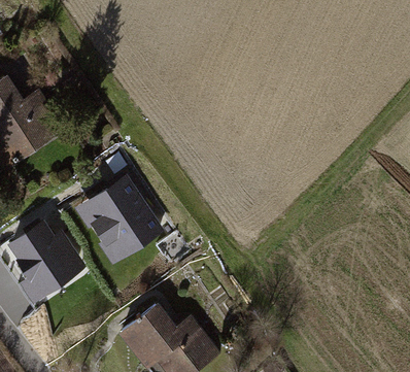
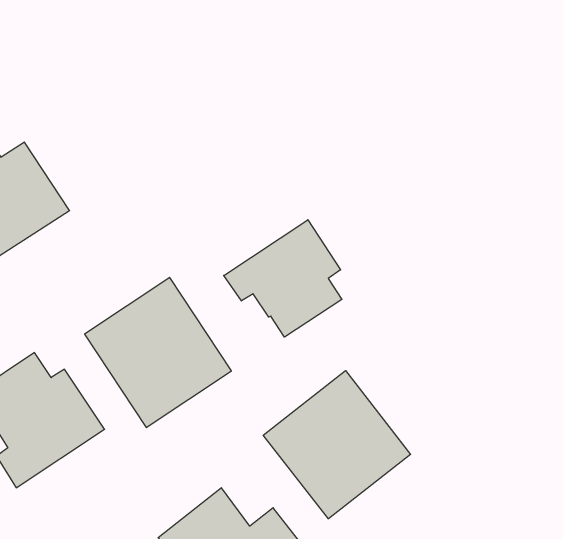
building: none -> [224,220,342,337]
building: none -> [263,371,411,519]

